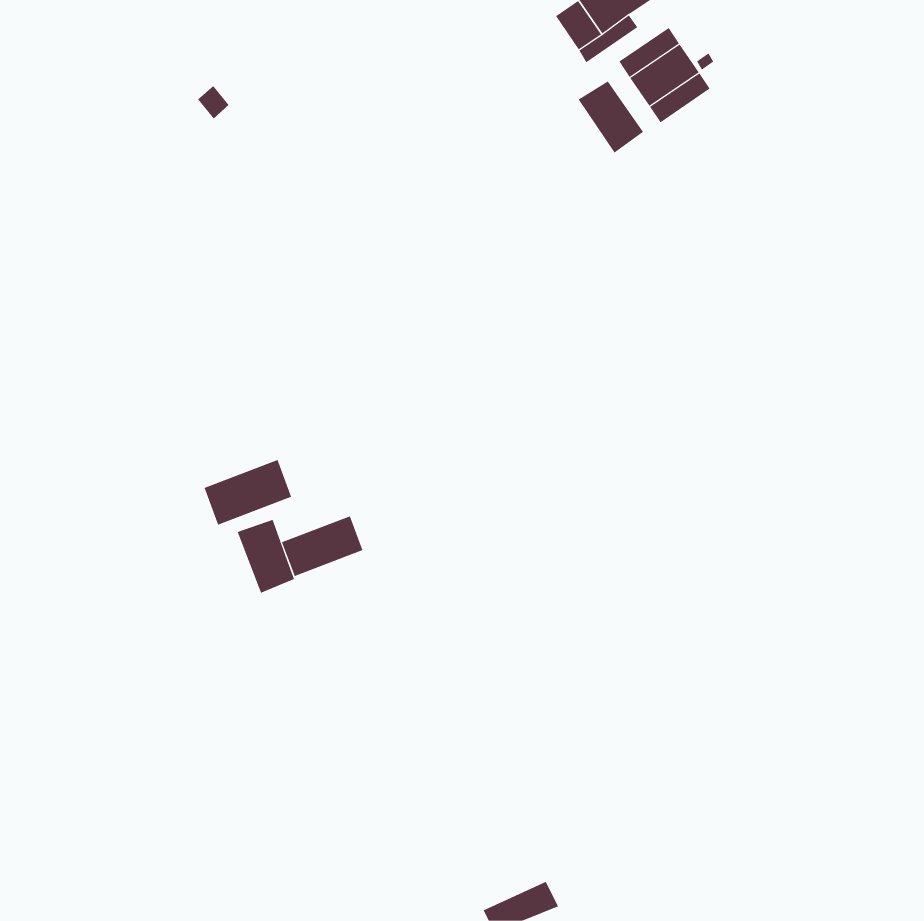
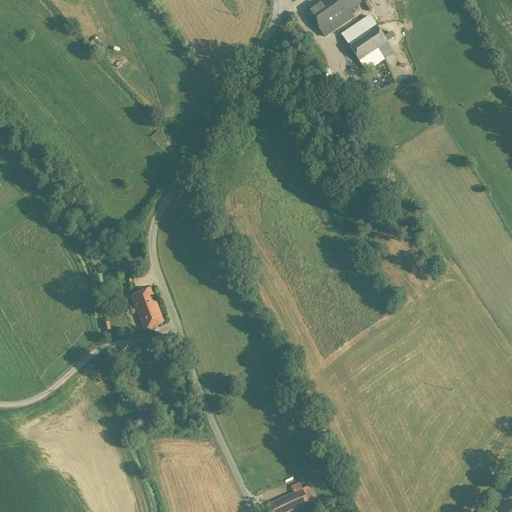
building: [578,81,644,154] -> none
building: [204,459,292,525] -> none
building: [281,516,363,577] -> none

